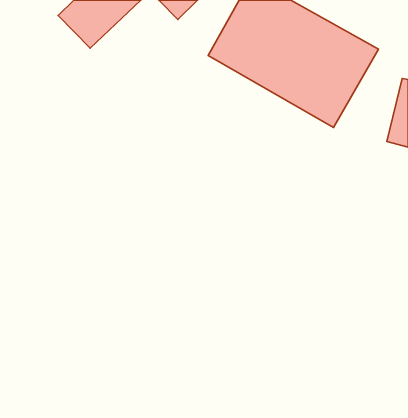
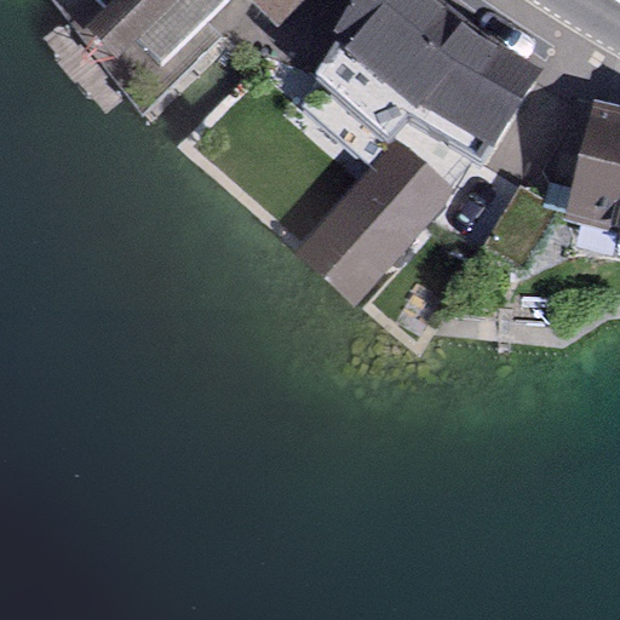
building: none -> [308,142,450,288]

